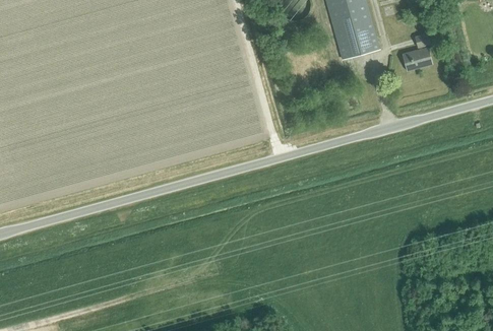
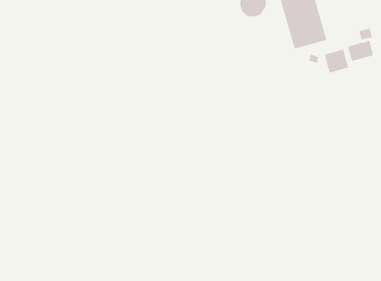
building: none -> [323,49,349,74]

